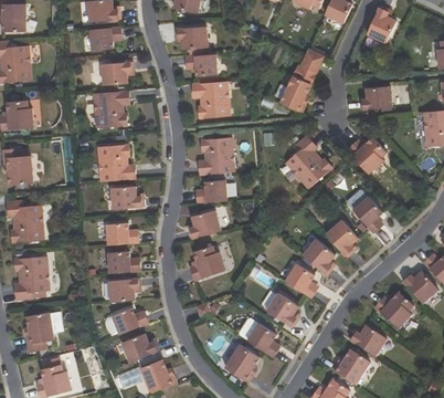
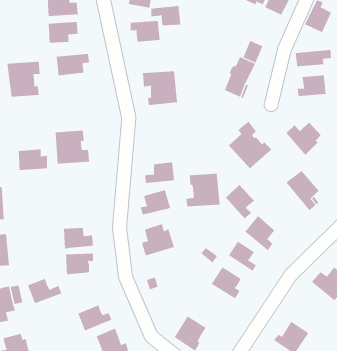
building: [187,52,220,74] -> [150,5,181,26]
building: none -> [295,49,331,67]
building: [94,90,130,128] -> [7,61,40,97]
building: [197,136,234,172] -> [186,173,220,207]
building: [110,186,142,209] -> [18,149,48,170]
building: [325,218,357,255] -> [225,184,255,219]
building: [105,221,139,243] -> none
building: [110,305,148,333] -> [27,278,62,304]
building: [240,317,278,356] -> none
building: [348,325,387,356] -> none

